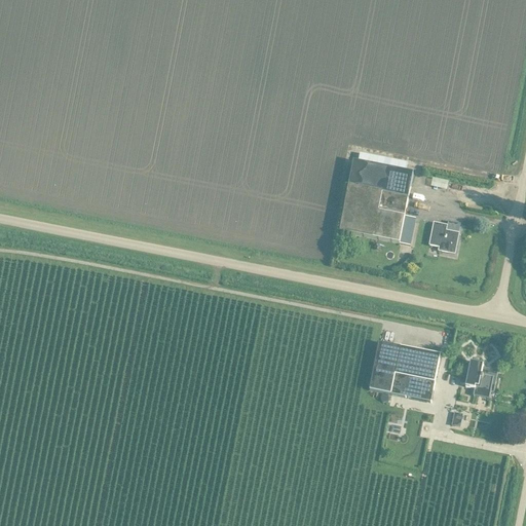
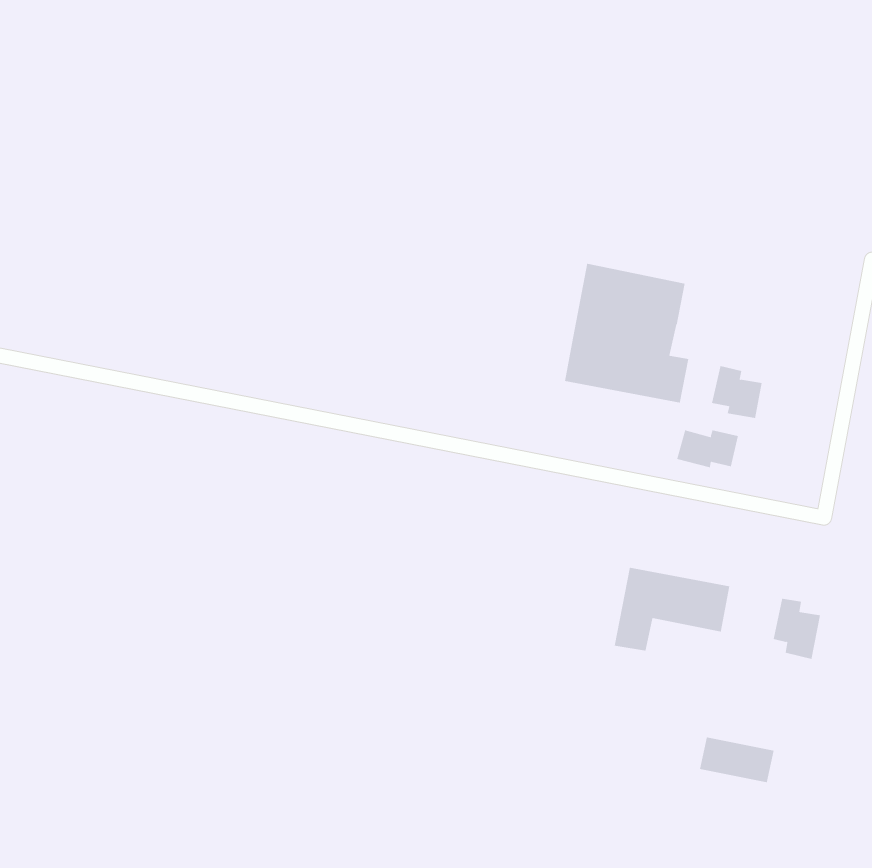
building: none -> [676,429,738,468]
building: [388,372,434,400] -> [699,737,774,783]

